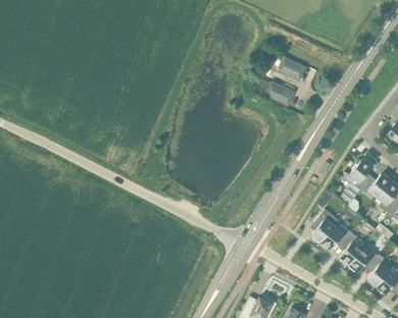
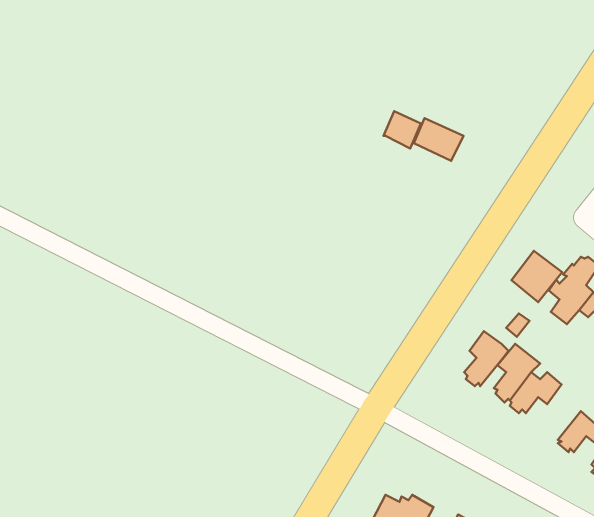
building: [278,56,307,81] -> none
building: none -> [511,251,562,302]
building: [340,233,365,265] -> [464,331,509,386]

